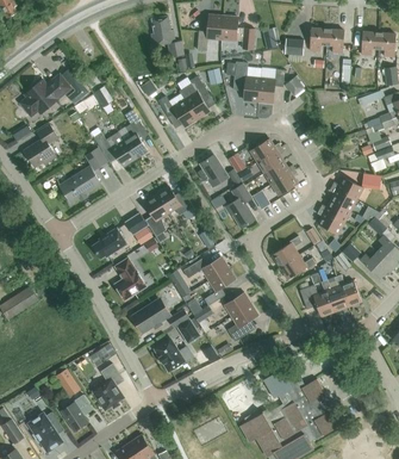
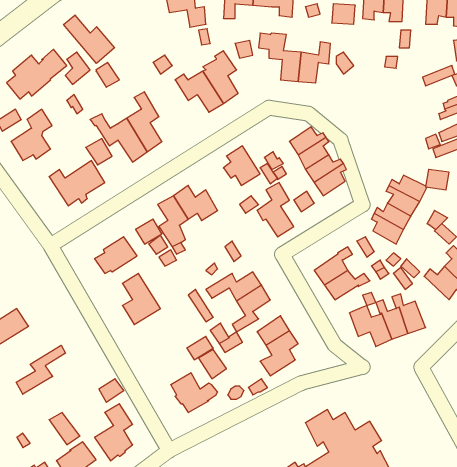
building: none -> [64,15,115,63]
building: [133,300,168,331] -> none
building: none -> [16,345,65,394]

